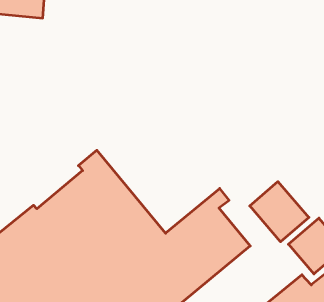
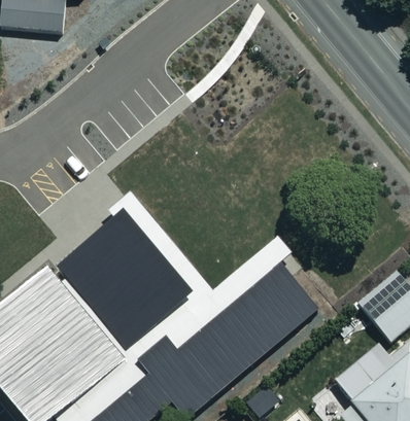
building: [250,182,309,242] -> none

